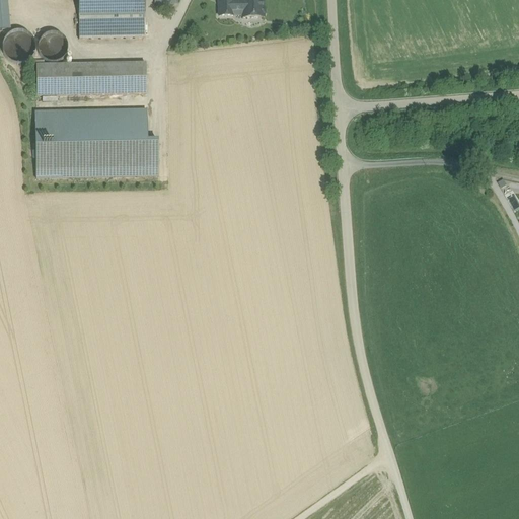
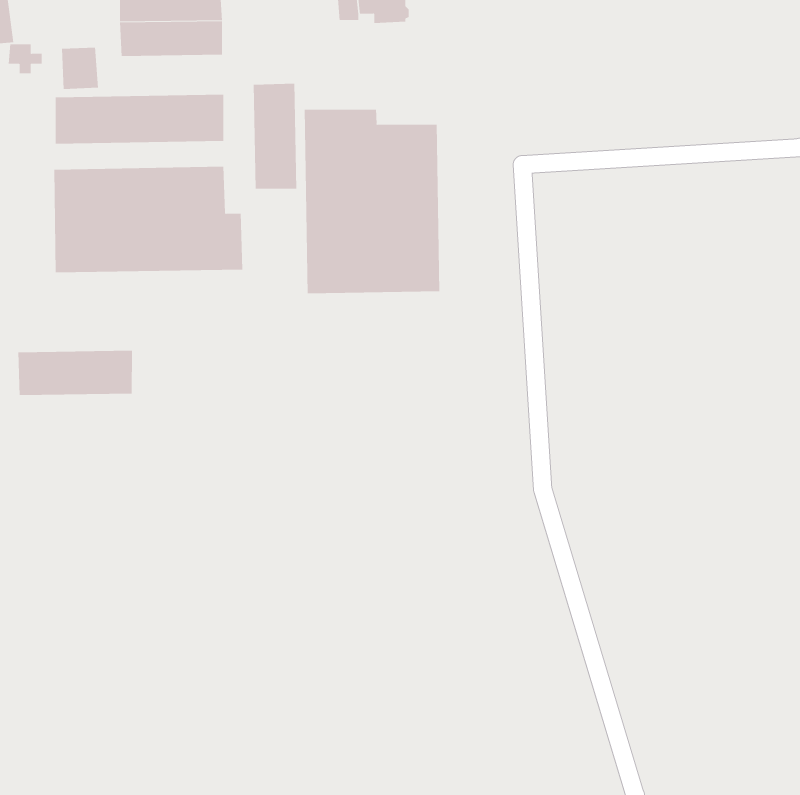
building: none -> [253,83,297,189]
building: none -> [304,109,440,294]
building: none -> [18,350,133,396]

